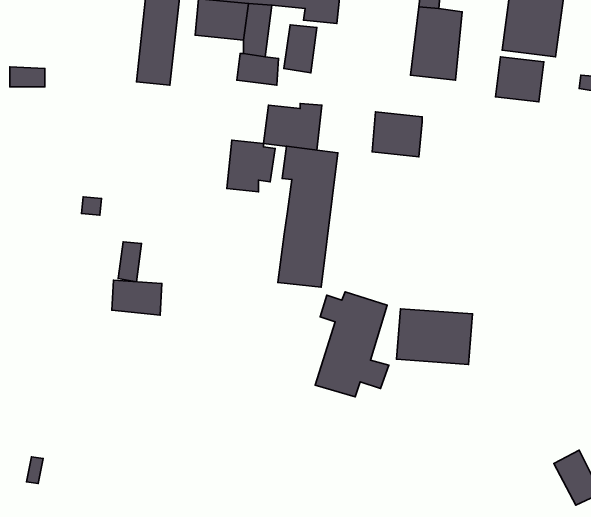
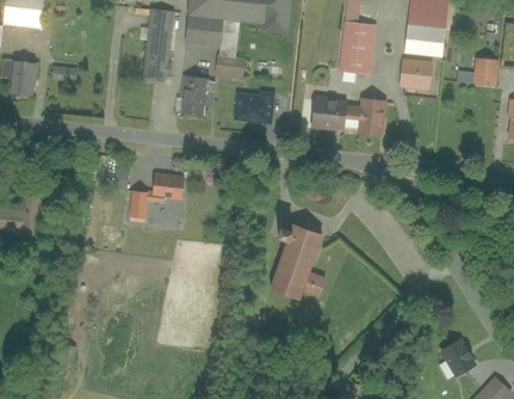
building: [284,25,317,73] -> none
building: none -> [345,98,386,134]
building: [227,140,275,192] -> [181,76,216,113]
building: [278,146,338,287] -> none
building: [112,280,162,315] -> [150,172,186,197]
building: [397,309,472,364] -> none

